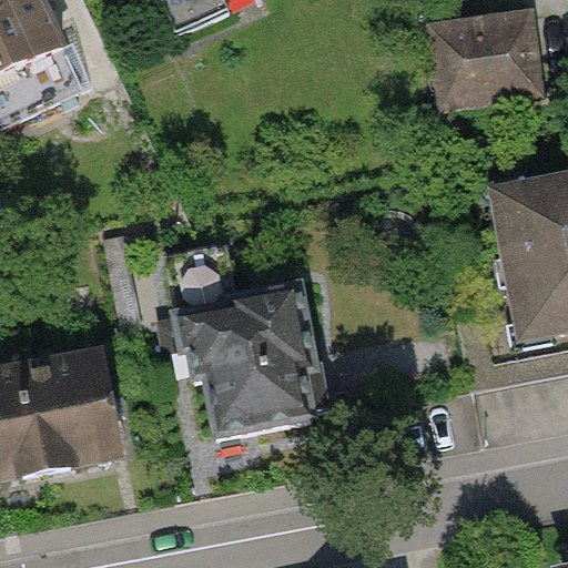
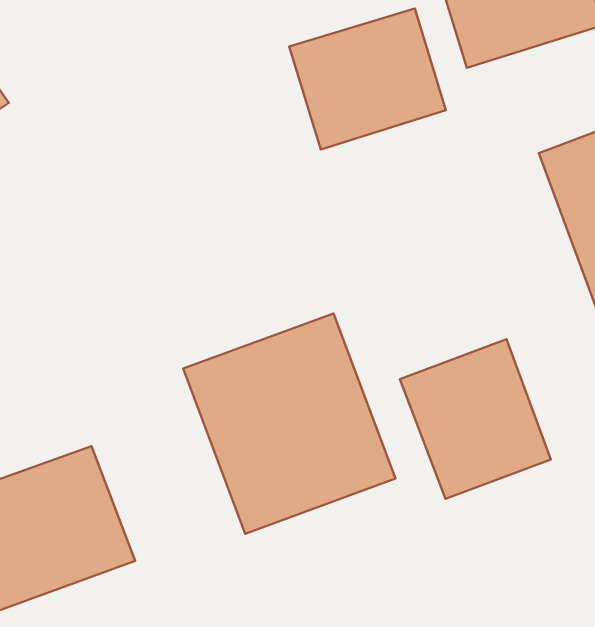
building: none -> [289,8,446,149]
building: none -> [400,339,551,499]

